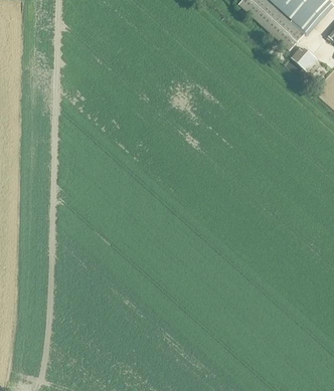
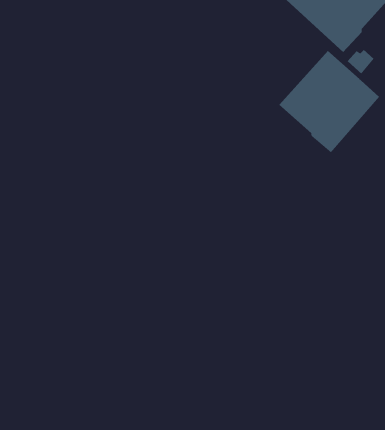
building: none -> [279,50,380,153]

